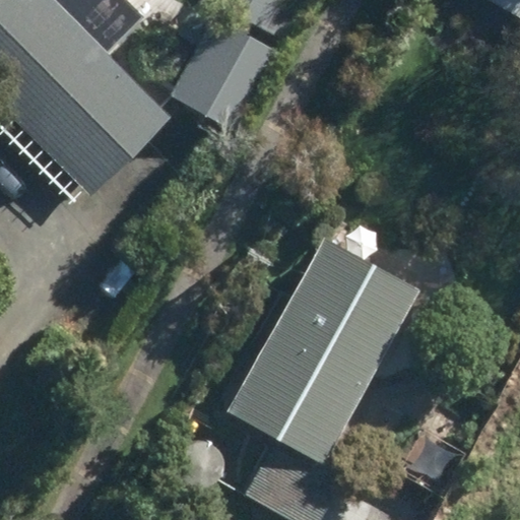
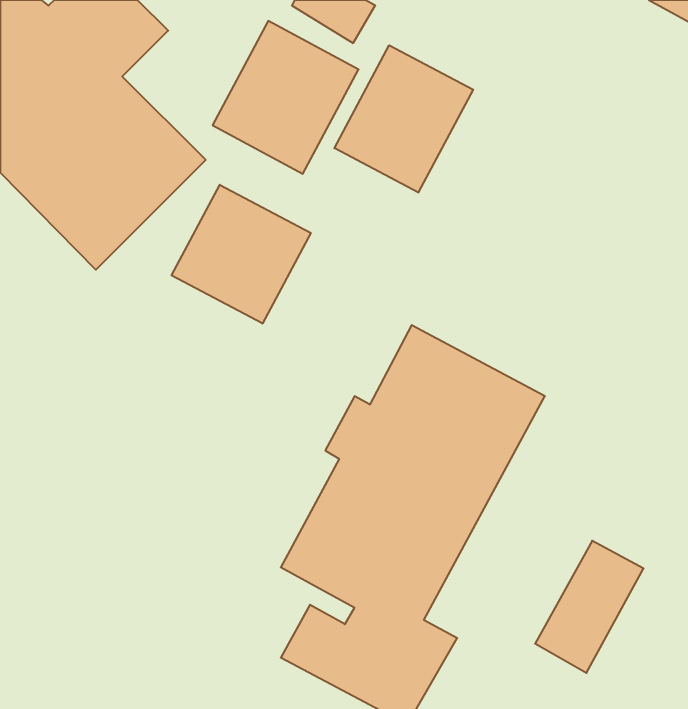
building: none -> [334,45,473,193]
building: none -> [172,185,311,324]

